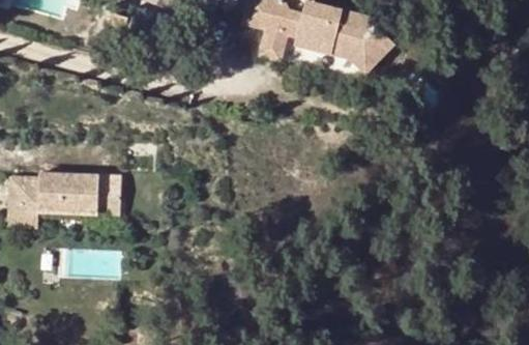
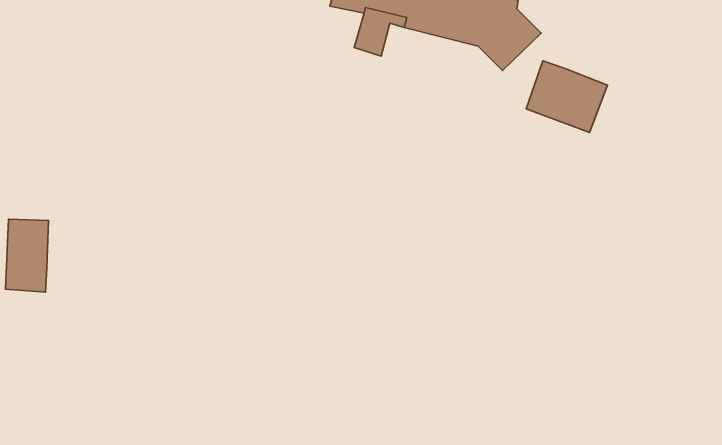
building: none -> [526,61,607,133]
building: [34,173,115,217] -> none

